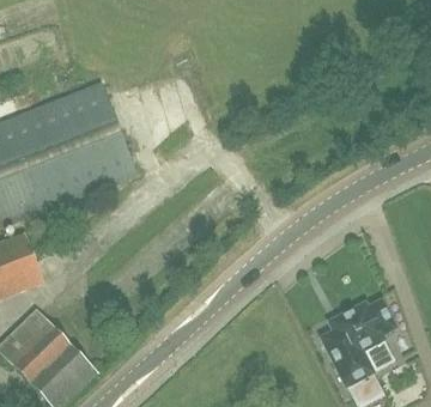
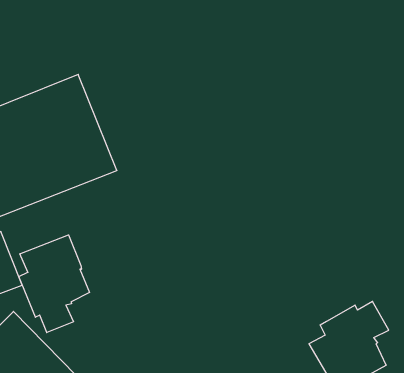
building: none -> [19,235,89,333]

